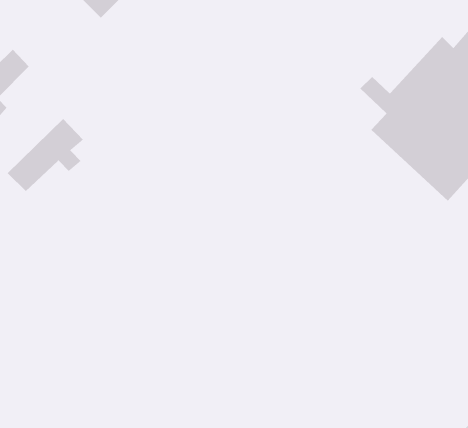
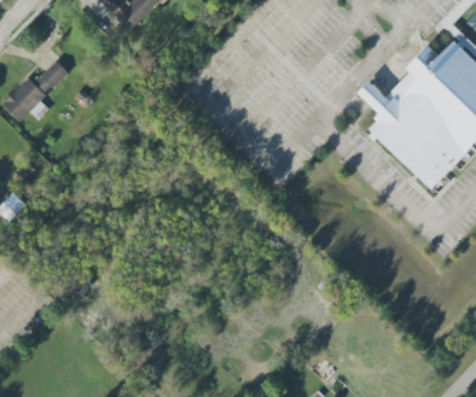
building: [7,118,84,192] -> none

